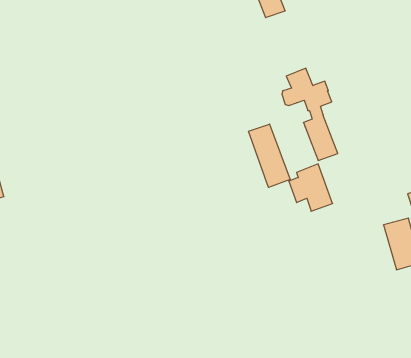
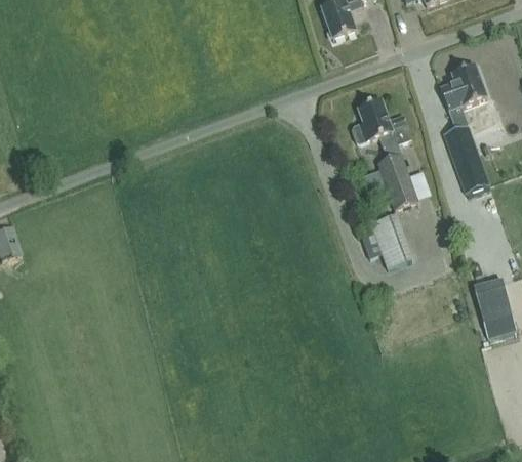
building: none -> [440,64,488,193]
building: [249,124,290,187] -> none

